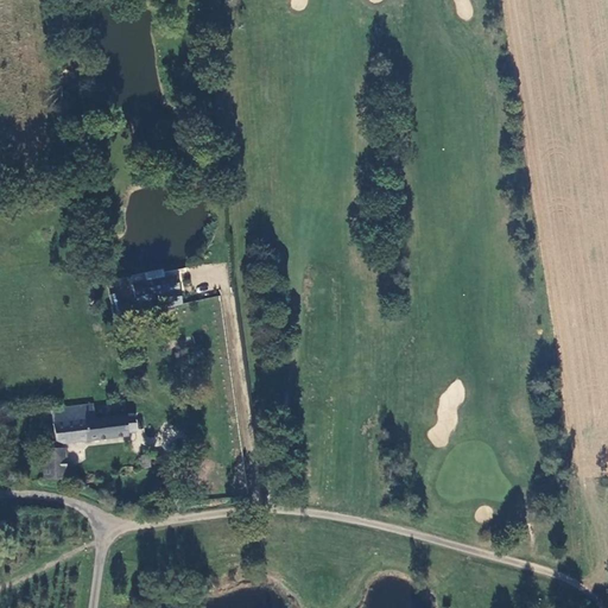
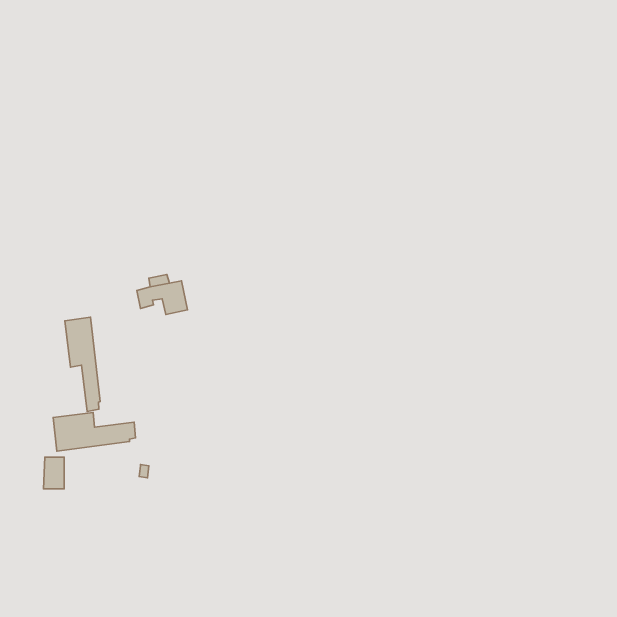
building: none -> [65,317,100,411]

